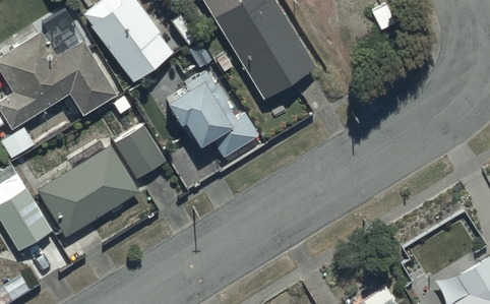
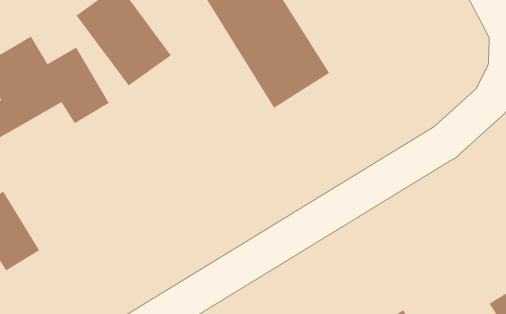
building: [165,72,261,158] -> none
building: [38,124,168,237] -> none

